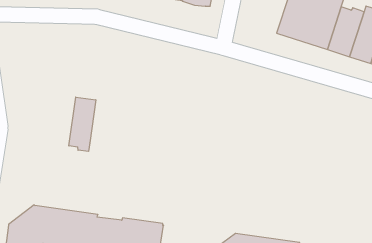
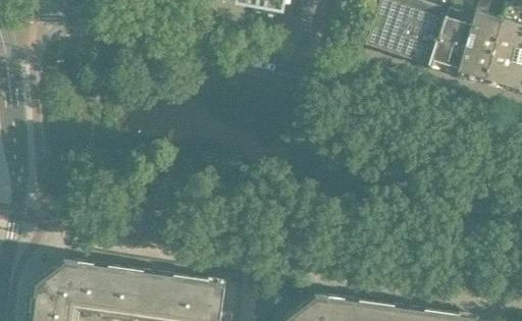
building: [69,97,96,151] -> none

